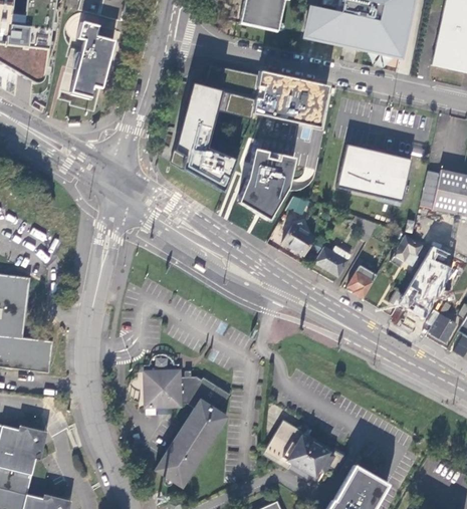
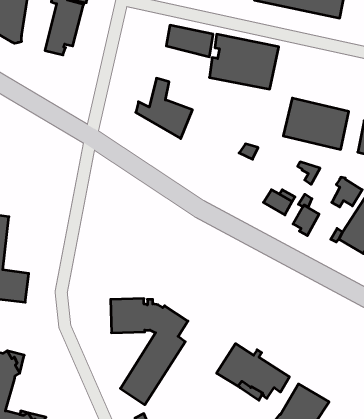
building: [175,82,254,155] -> none
building: [239,129,323,222] -> none
building: [282,220,314,255] -> none

